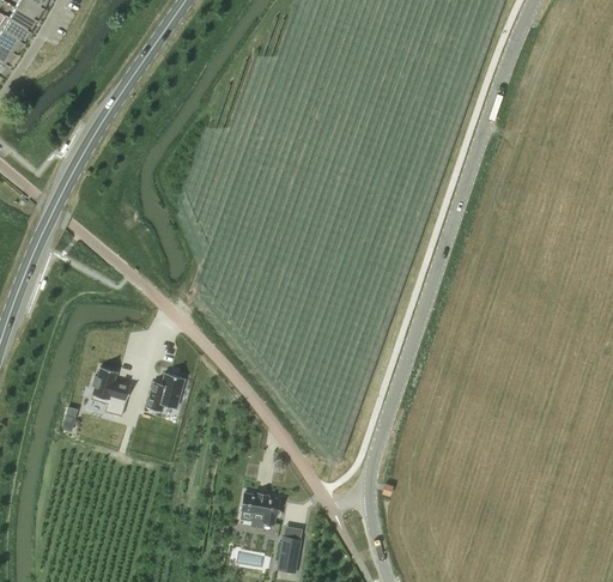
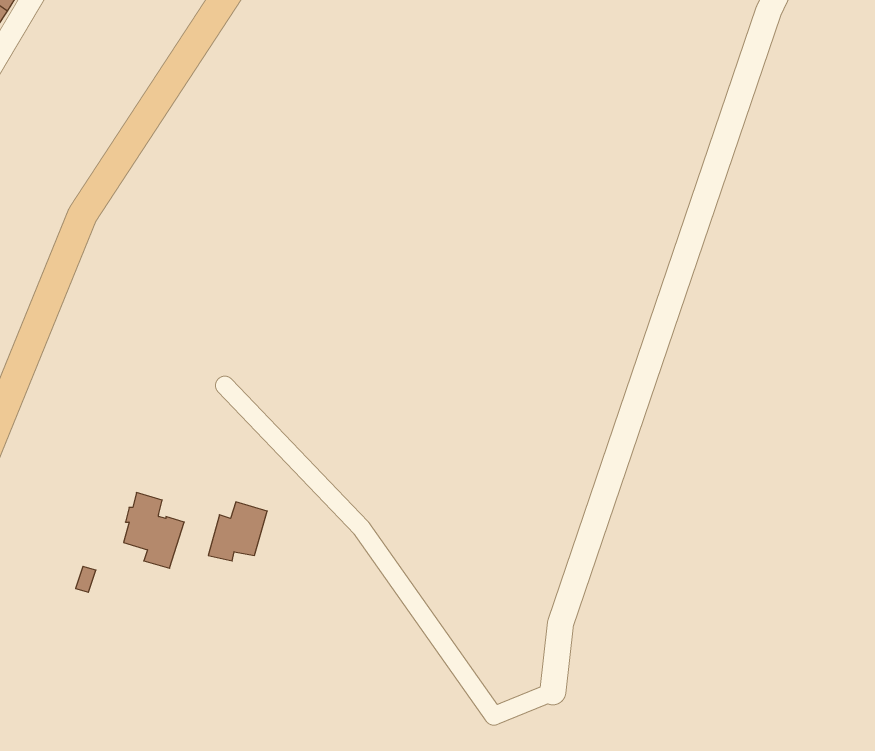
building: [241,493,279,528] -> none

